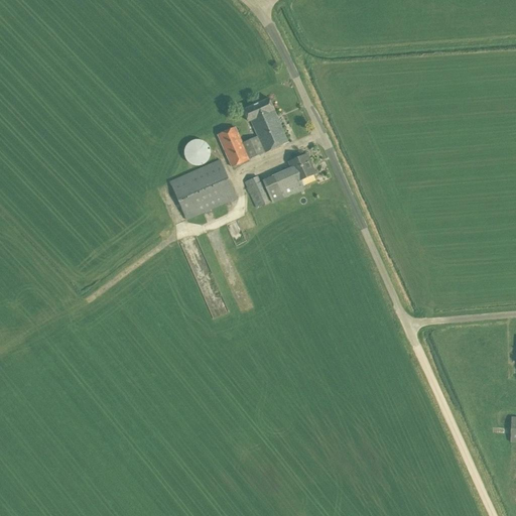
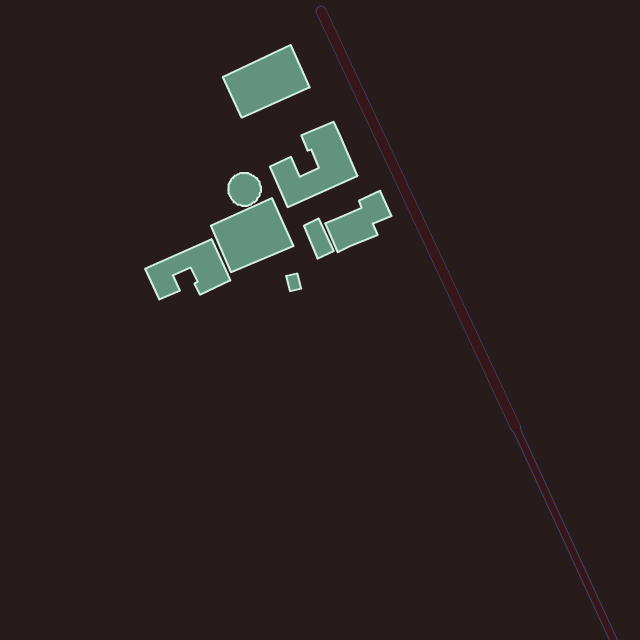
building: none -> [223,45,310,118]
building: none -> [145,239,230,300]

